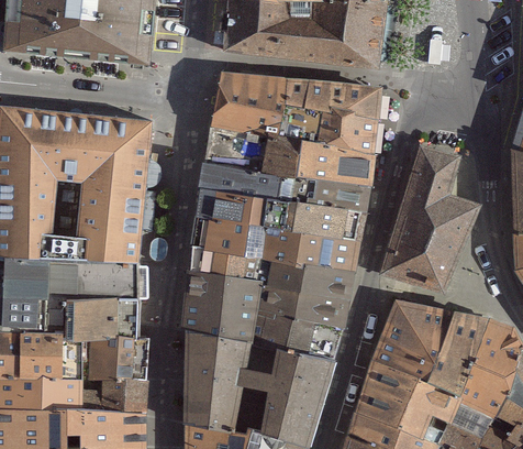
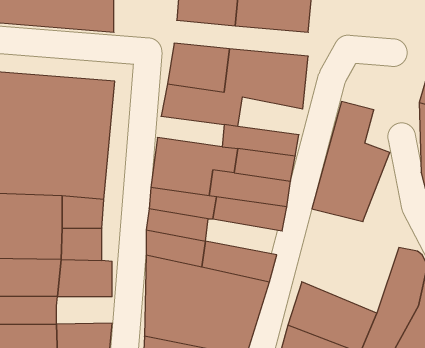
building: [296,140,372,185] -> none
building: [200,163,279,199] -> none
building: [257,285,348,328] -> none
building: [371,300,487,397] -> none
building: [80,377,146,410] -> none

